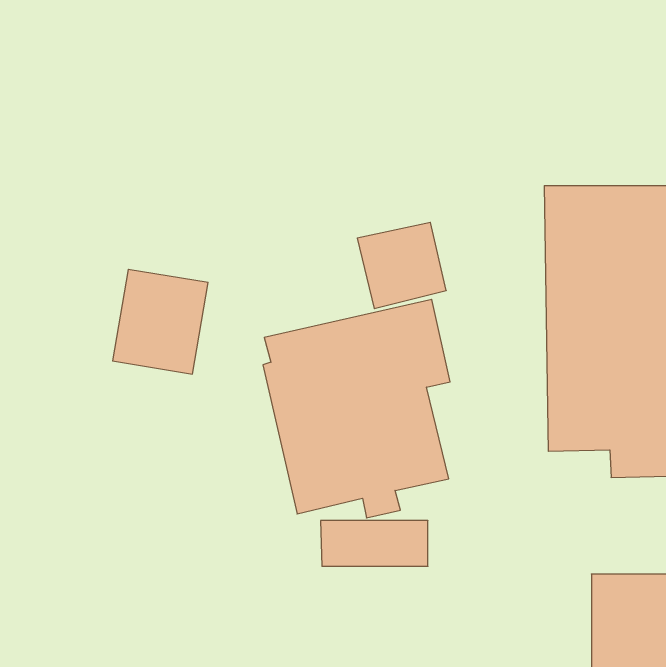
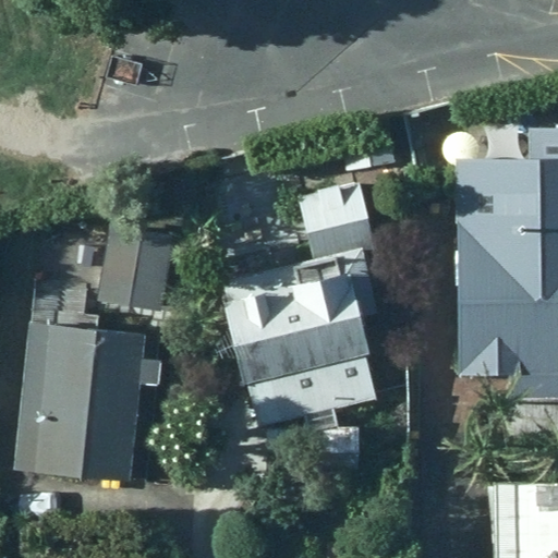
building: none -> [15,252,160,481]

